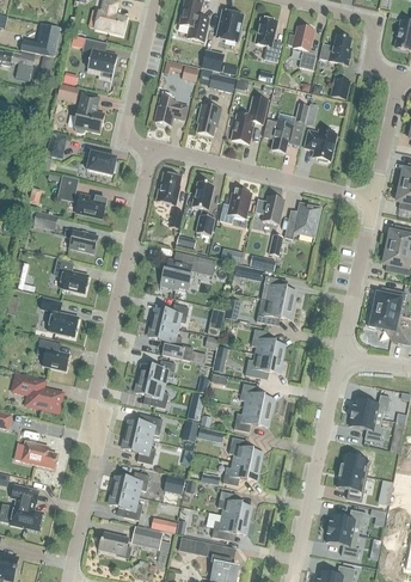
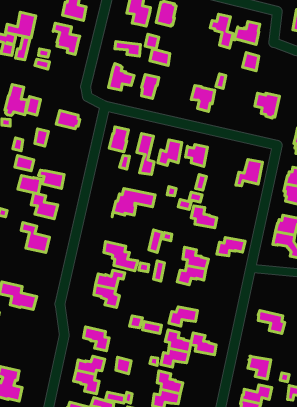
building: [253,17,282,61] -> none
building: [73,92,103,133] -> [5,84,28,116]
building: [231,96,268,143] -> none
building: [303,129,336,161] -> [255,93,280,118]
building: [75,194,105,218] -> [18,176,41,194]
building: [284,203,319,238] -> [236,159,263,186]
building: [256,299,293,323] -> [217,238,245,256]
building: [151,304,189,327] -> none
building: [36,337,69,369] -> none
building: [239,382,272,411] -> [191,333,216,355]
building: [351,393,389,418] -> none
building: [124,415,162,439] -> none
building: [20,440,56,467] -> none
building: [338,448,372,476] -> none

